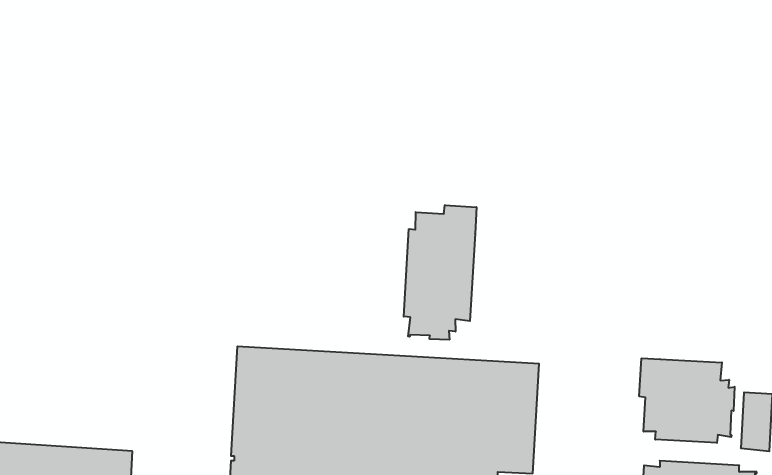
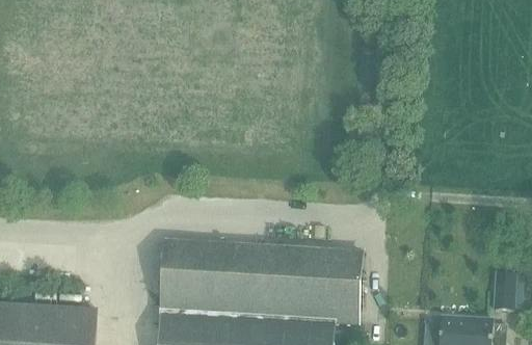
building: [404,205,476,340] -> none
building: [639,358,735,443] -> none

